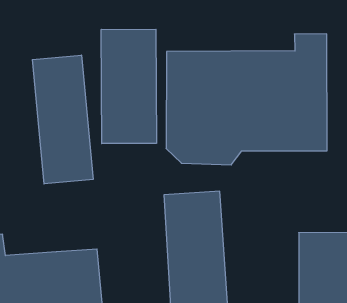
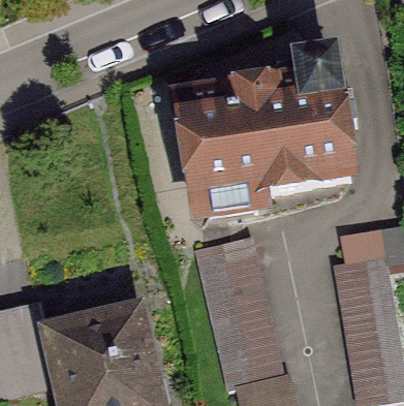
building: [101,29,156,144] -> none
building: [32,55,93,184] -> none

